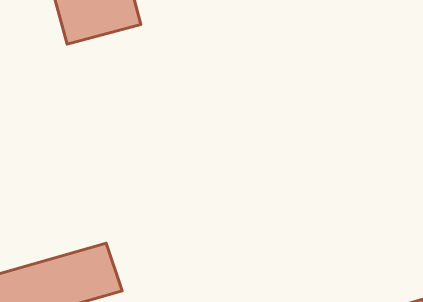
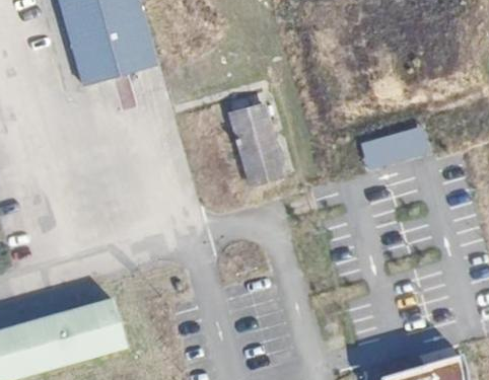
building: none -> [227,102,281,186]
building: none -> [359,126,428,168]

